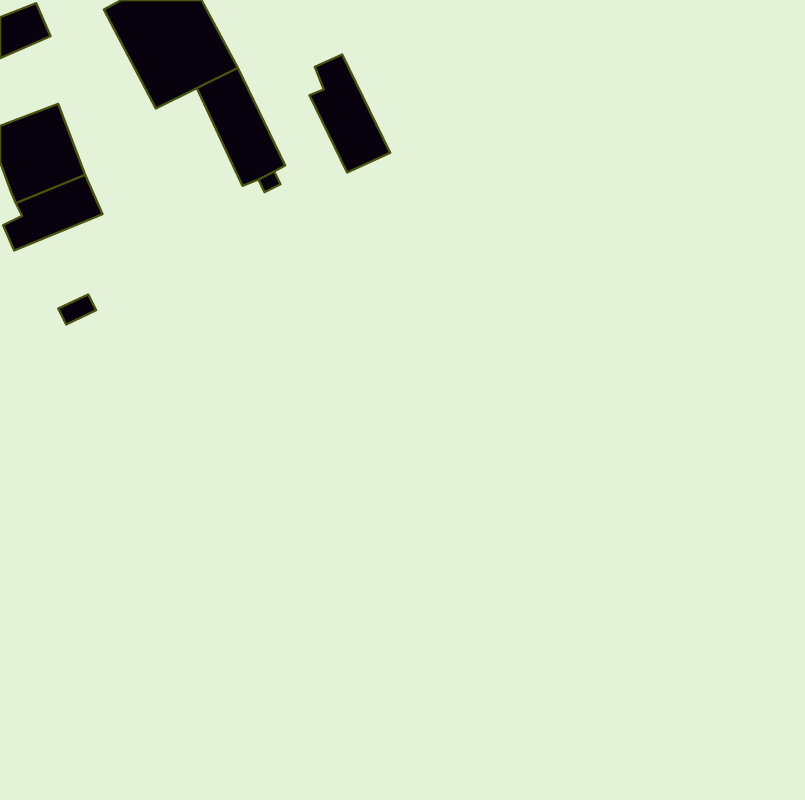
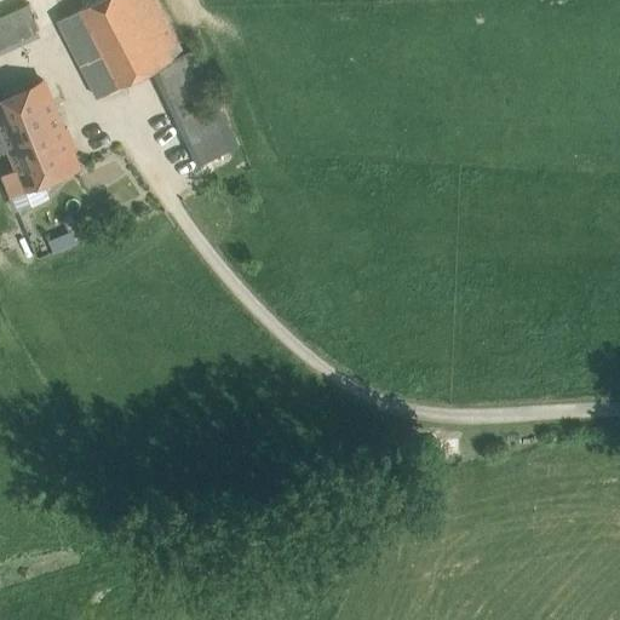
building: none -> [58,11,120,99]
building: [309,54,390,172] -> none

